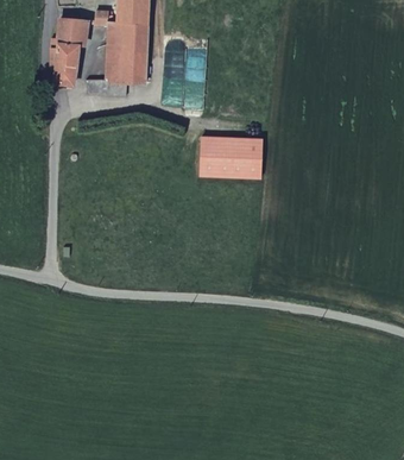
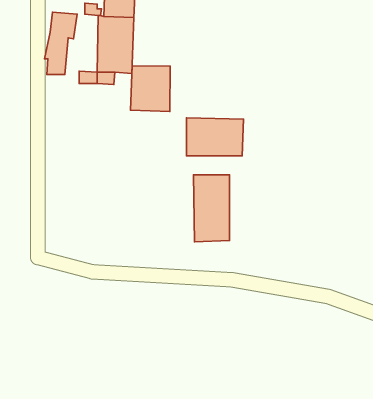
building: none -> [131,66,170,111]
building: none -> [194,175,230,242]

